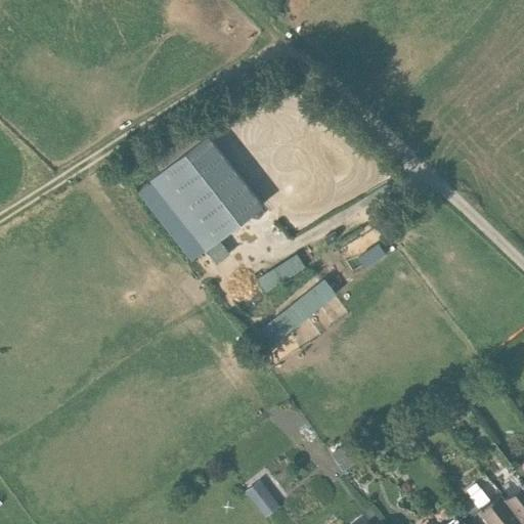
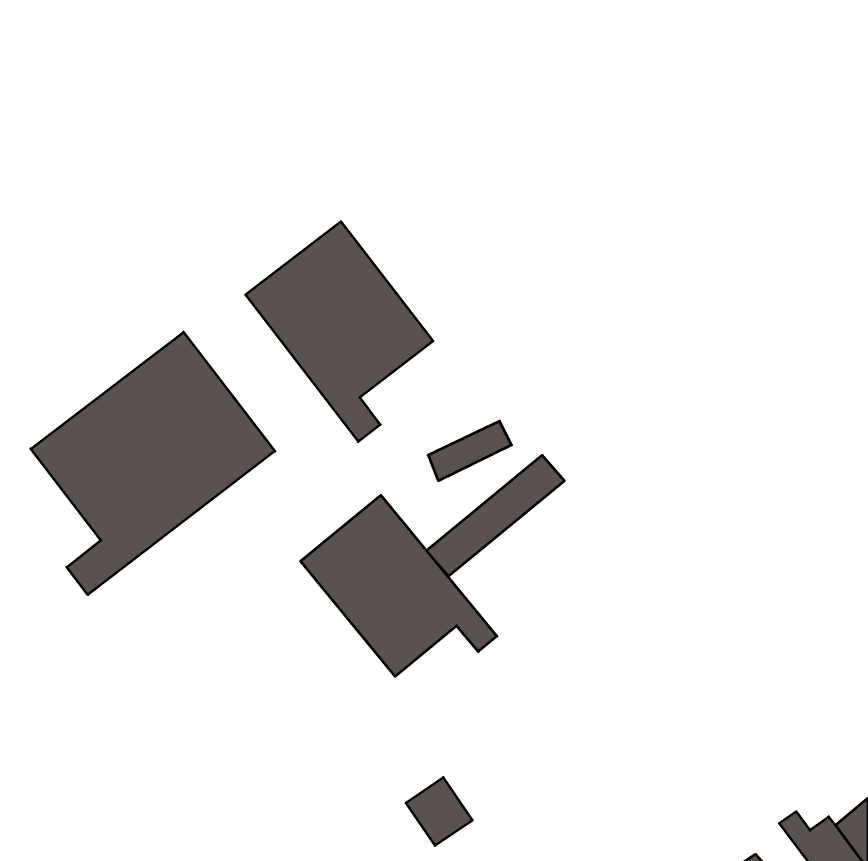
building: none -> [31,332,275,595]
building: none -> [301,495,497,676]

